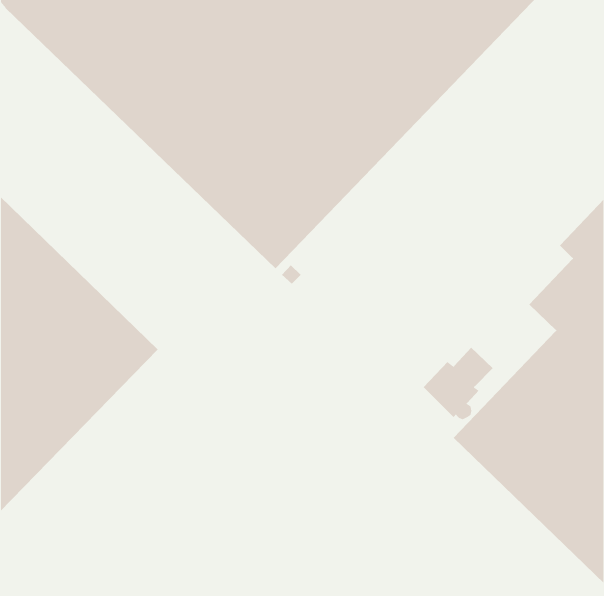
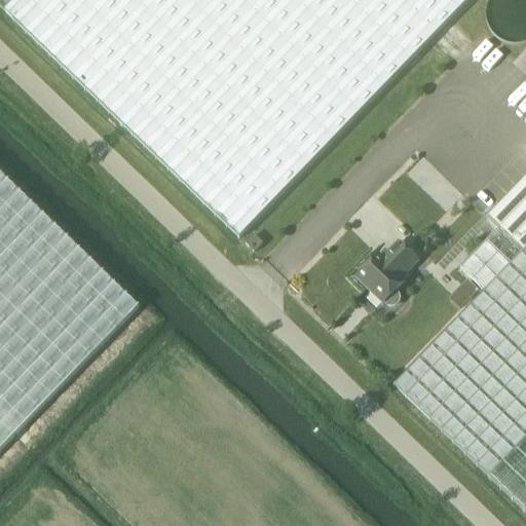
building: [423,347,494,420] -> [355,238,417,302]

